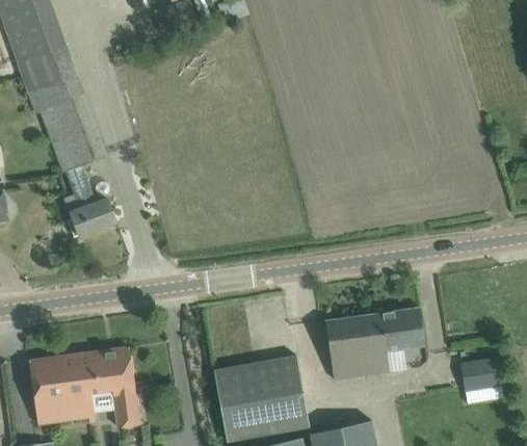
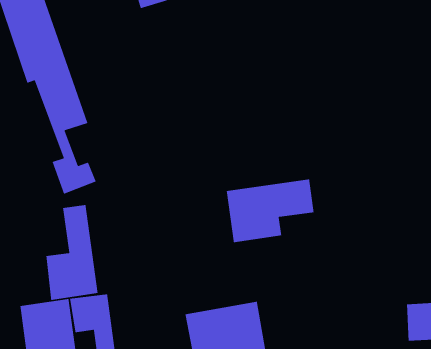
building: none -> [45,204,99,301]
building: [323,307,423,379] -> [226,179,314,243]

